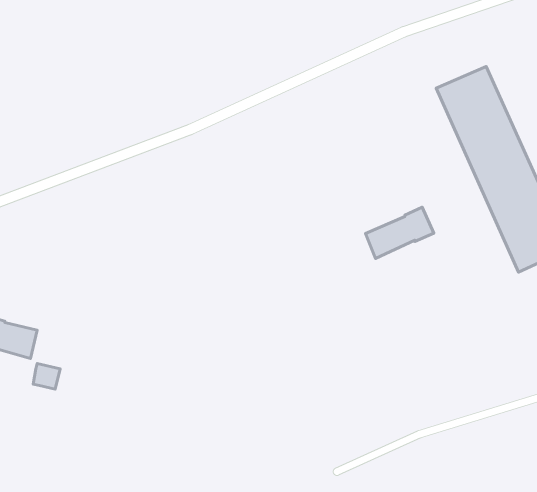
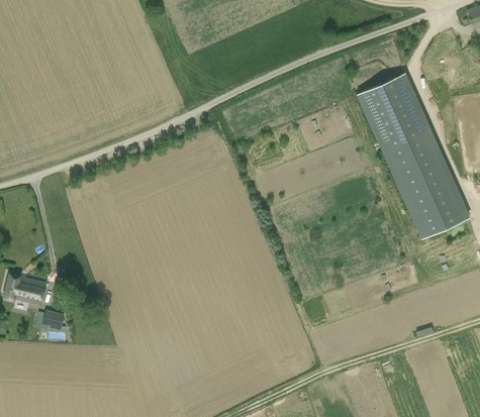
building: [366,207,434,258] -> none

